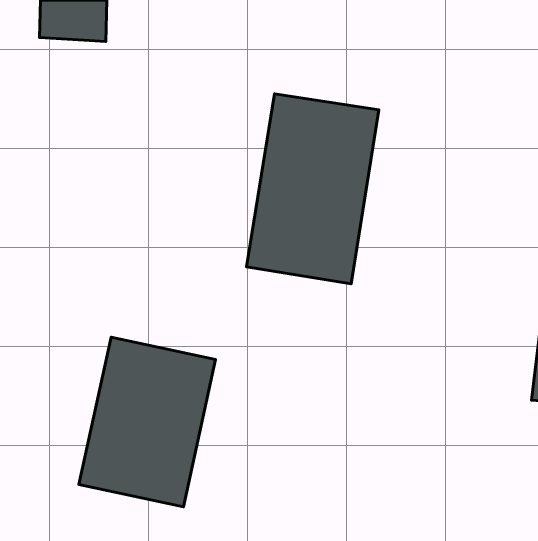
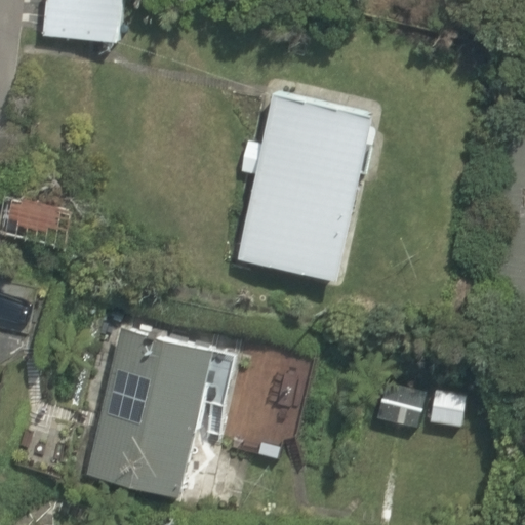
building: none -> [223,348,322,470]

